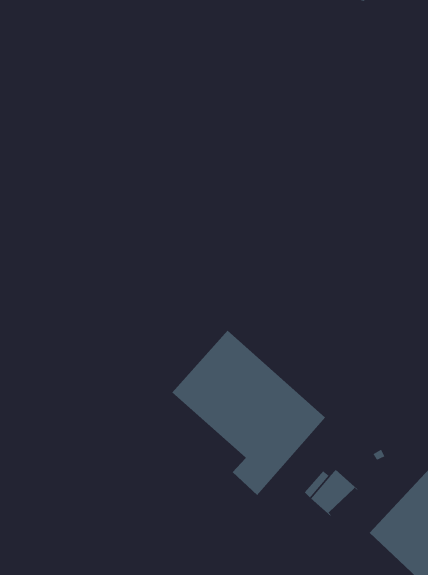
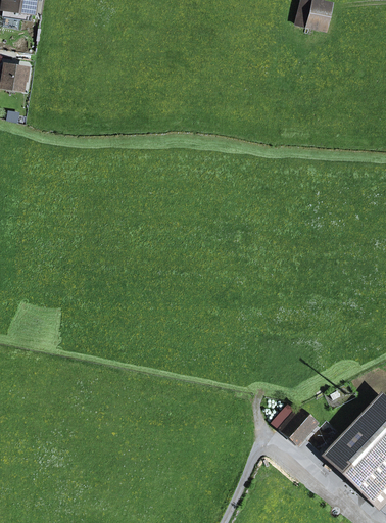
building: [172,330,326,496] -> none

